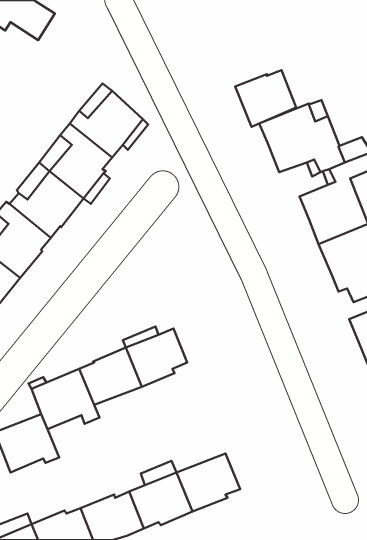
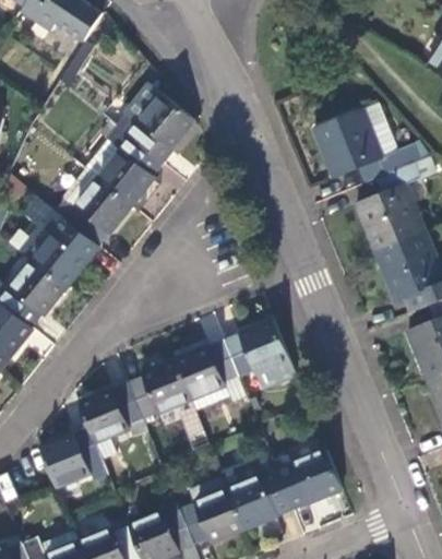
building: [235,70,296,127] -> none
building: none -> [225,320,296,389]
building: none -> [274,449,343,506]

